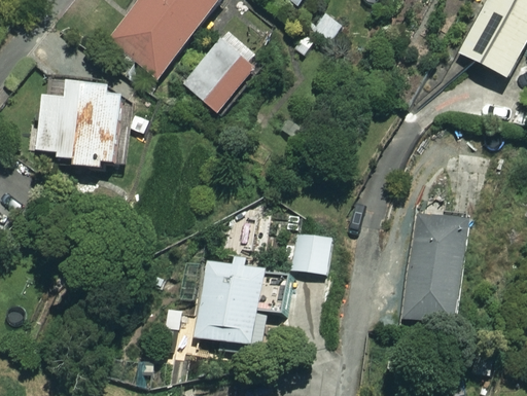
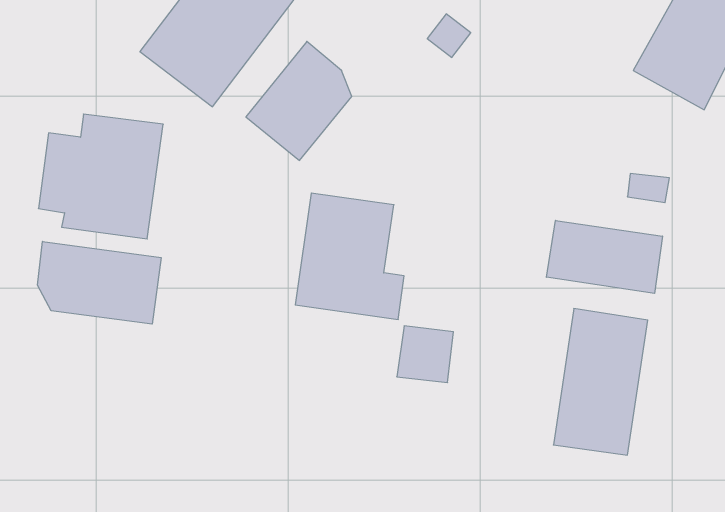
building: none -> [546,220,662,293]
building: none -> [37,241,161,324]
building: [195,258,272,348] -> [295,193,404,319]

